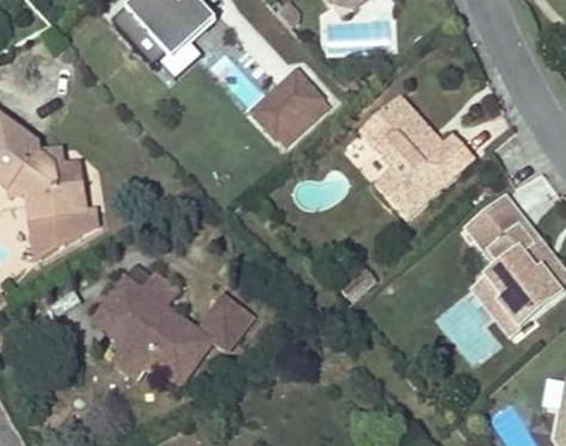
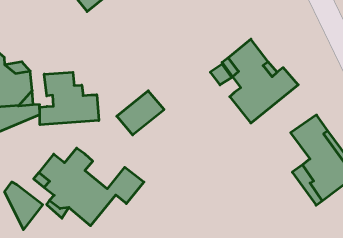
building: [257,72,326,138] -> [117,91,164,135]
building: none -> [40,72,99,125]
building: none -> [5,182,43,230]

